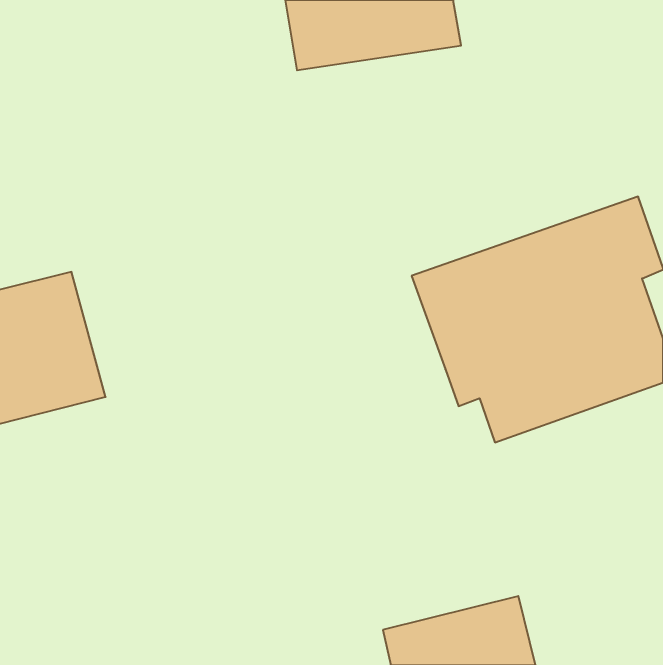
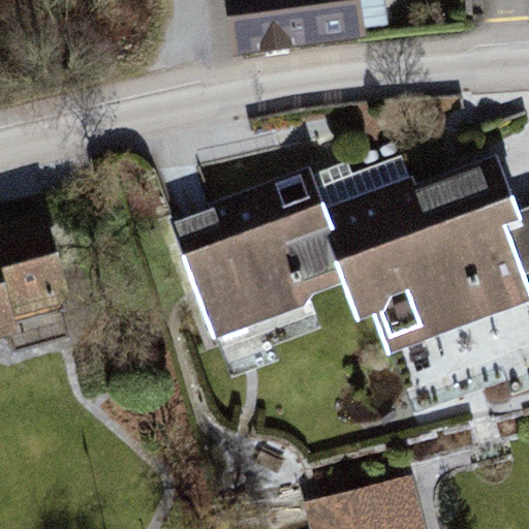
building: none -> [174,174,353,342]

